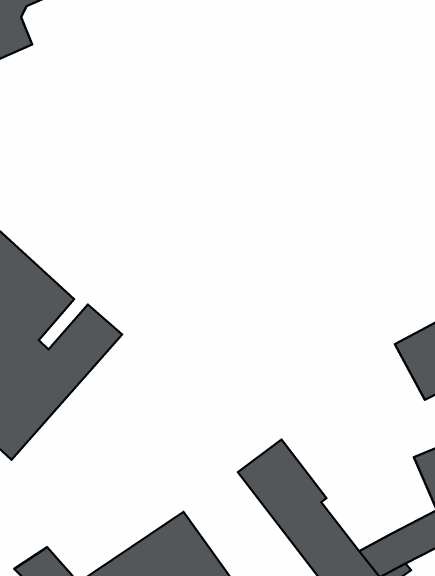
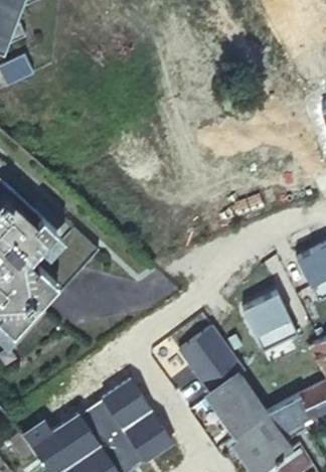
building: none -> [238,292,295,352]

